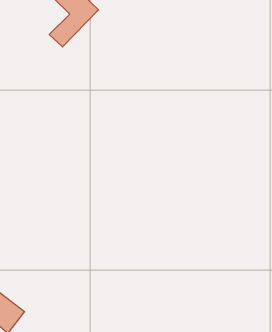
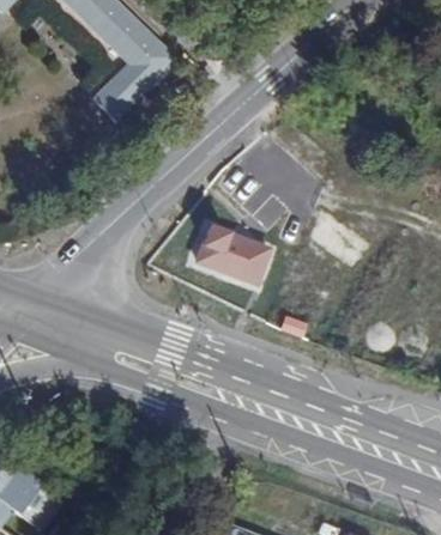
building: none -> [197,229,268,284]

